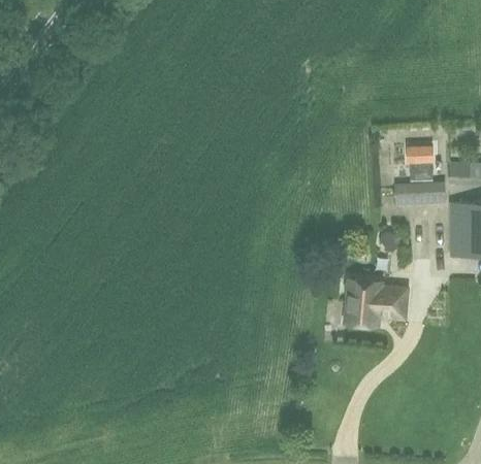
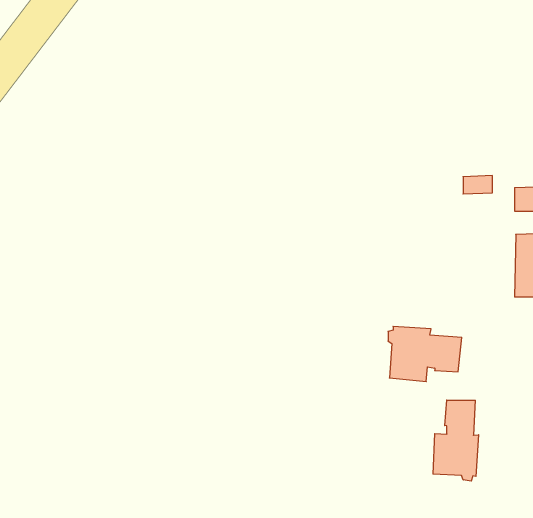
building: [395,180,446,203] -> none
building: none -> [433,400,479,481]

